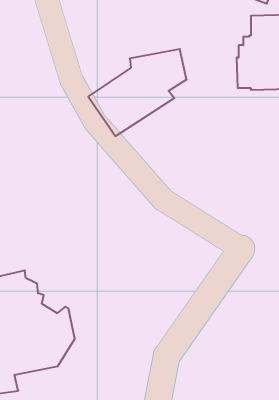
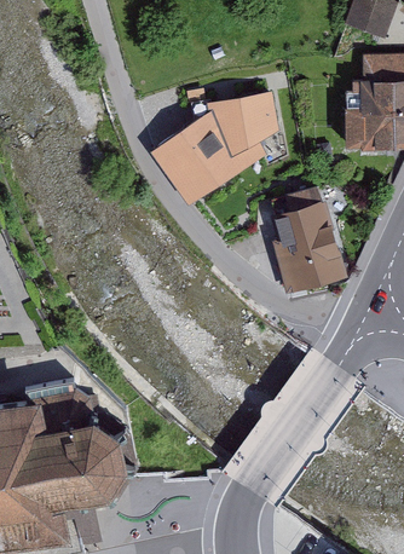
building: none -> [271,190,346,295]

